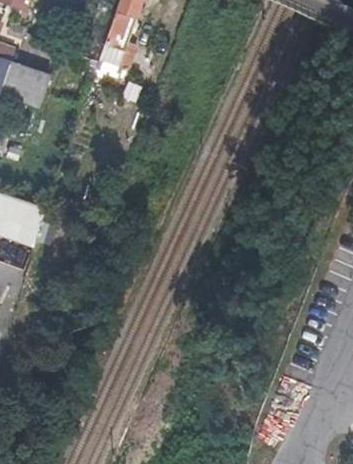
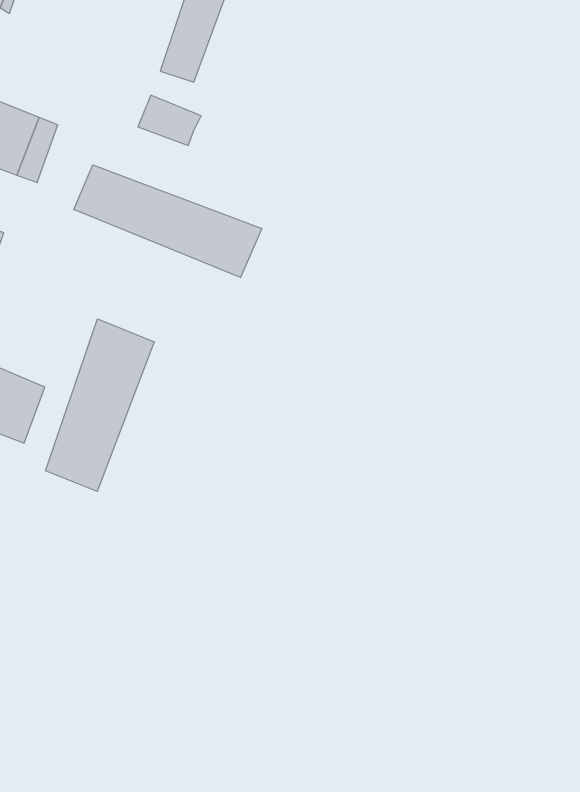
building: none -> [74,165,262,278]
building: none -> [46,319,154,491]

